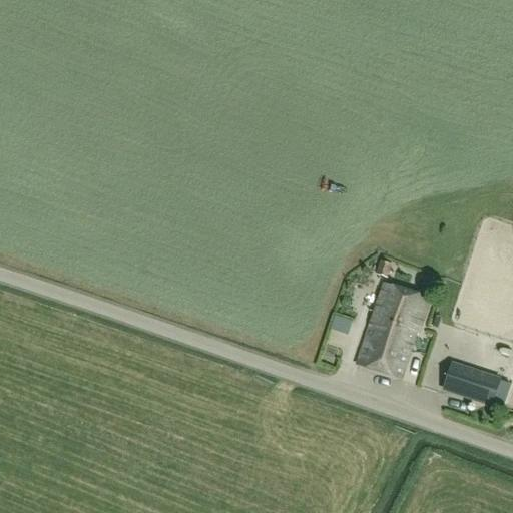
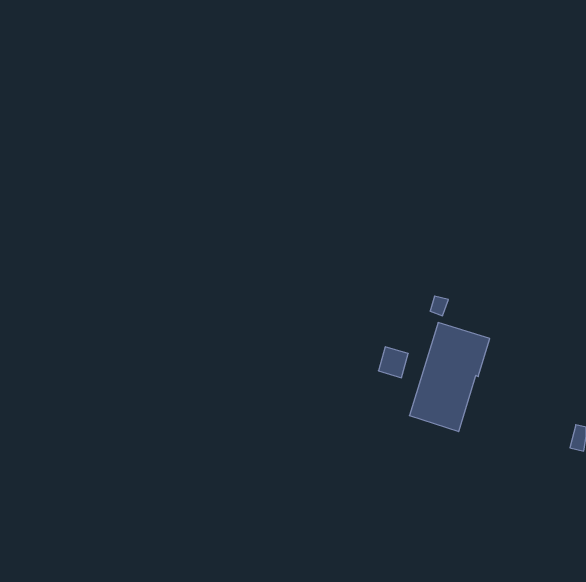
building: [444,363,499,402] -> none

